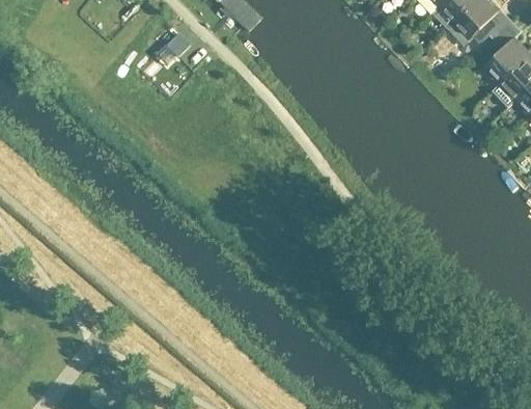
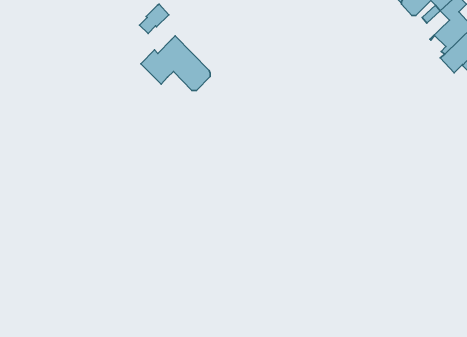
building: none -> [141,36,210,91]

